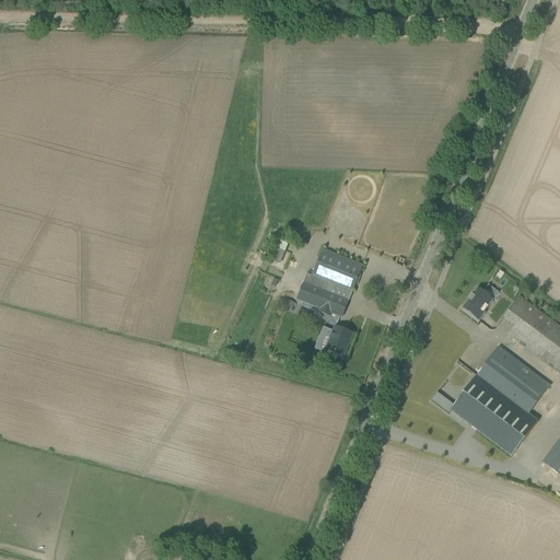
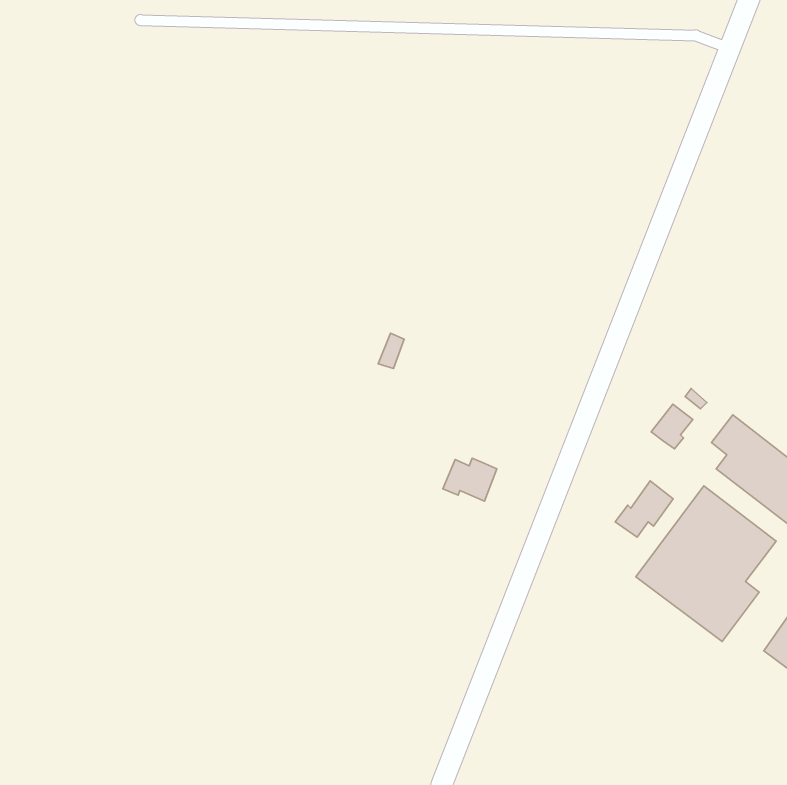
building: [298,247,363,316] -> none
building: none -> [615,481,673,537]

